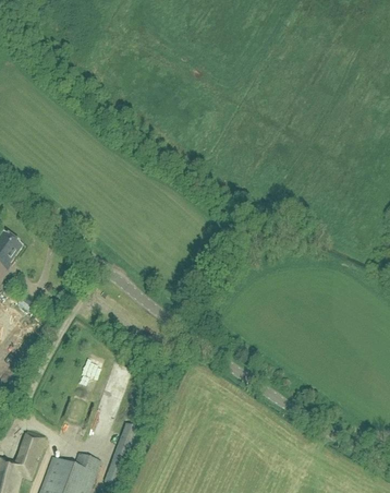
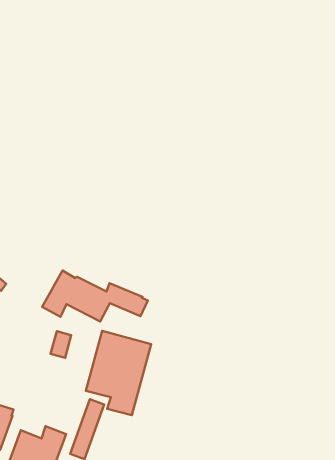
building: none -> [42,270,148,321]
building: none -> [86,331,151,415]

